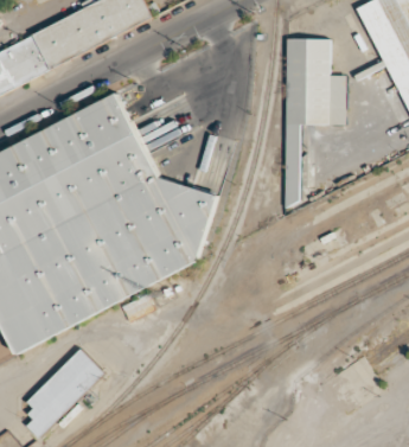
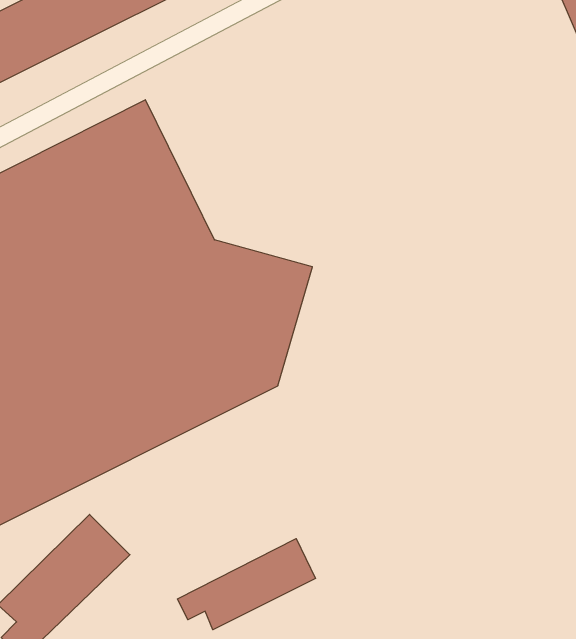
building: [285,37,345,203] -> none
building: none -> [178,539,316,630]

